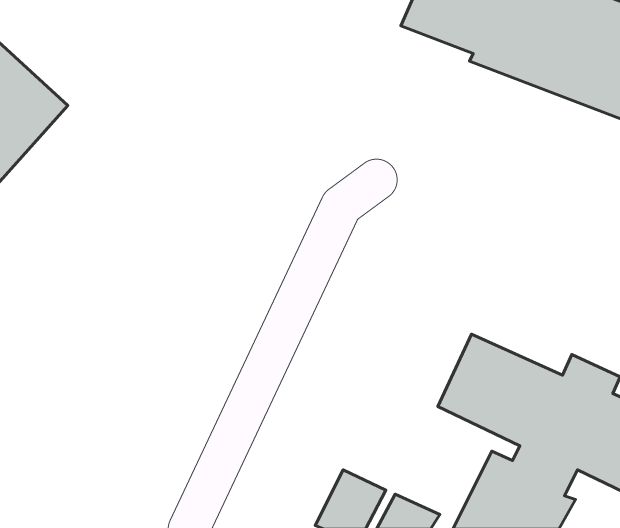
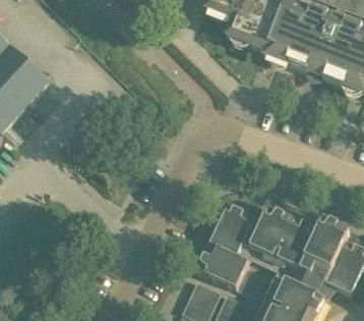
building: none -> [195,204,263,298]

